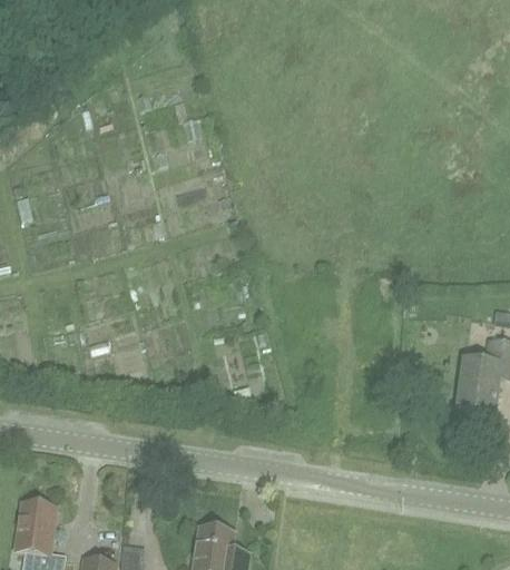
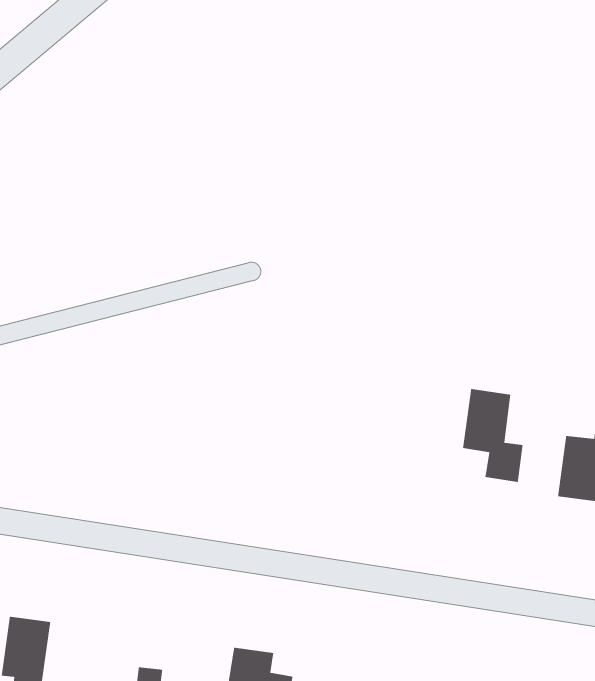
building: none -> [462,388,524,483]

